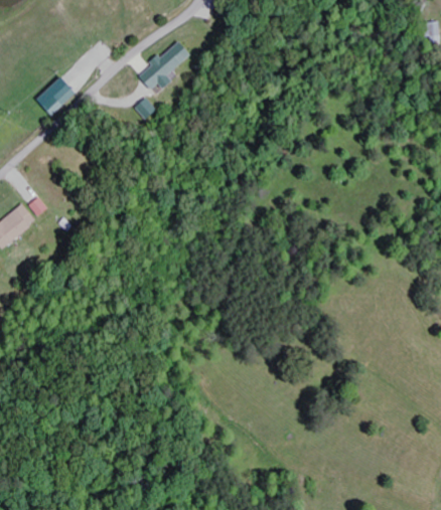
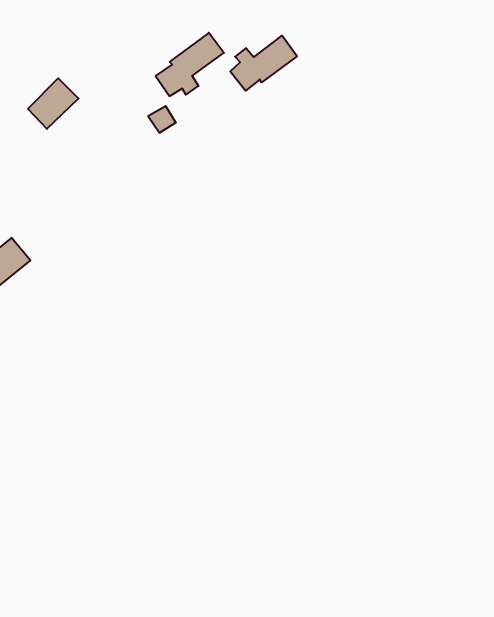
building: none -> [230,36,297,91]

